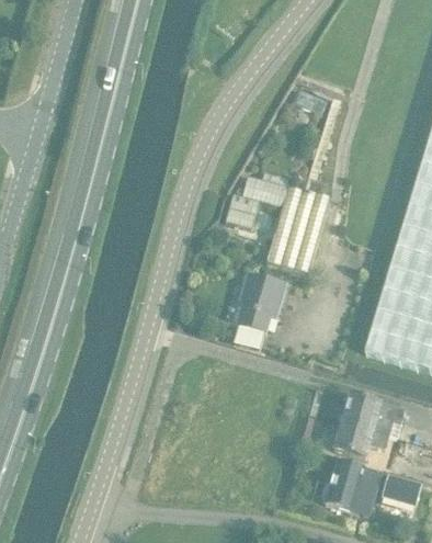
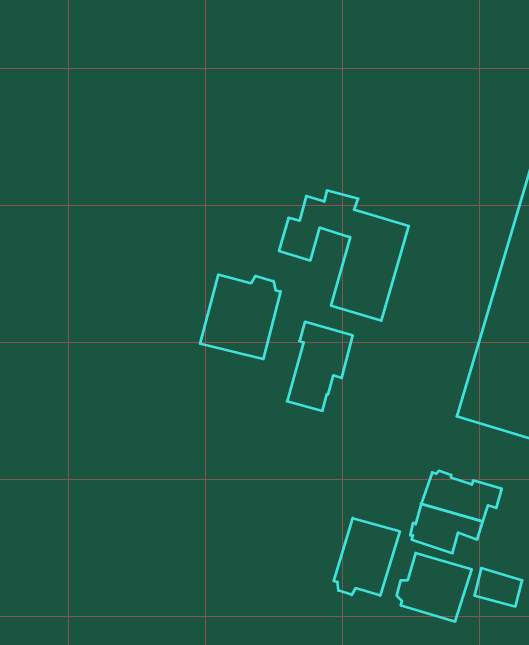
building: none -> [200,275,281,359]
building: none -> [334,518,400,596]

